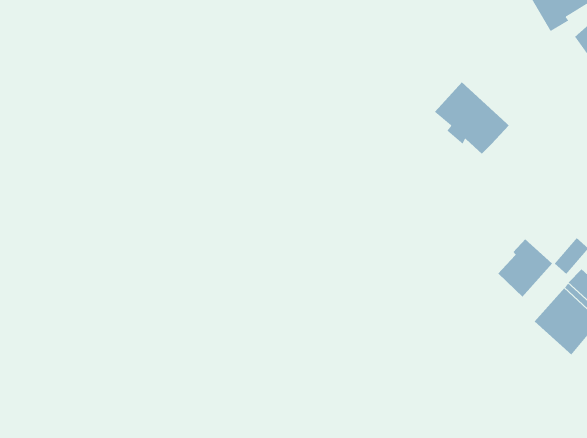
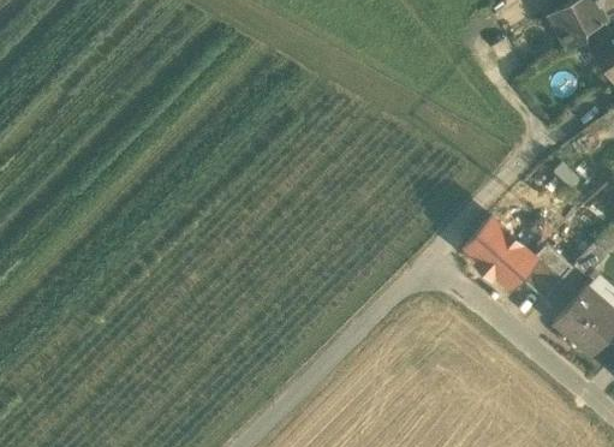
building: [434,82,510,155] -> [465,220,537,290]

